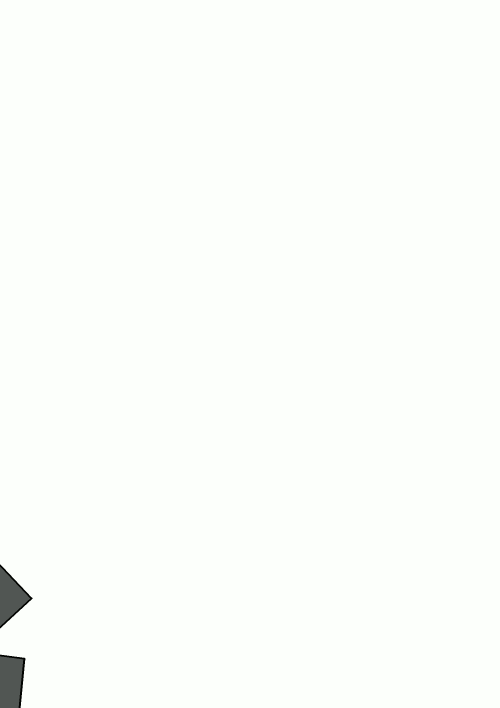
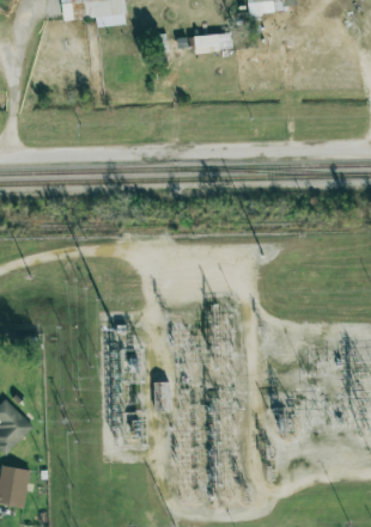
building: none -> [189,33,225,54]

